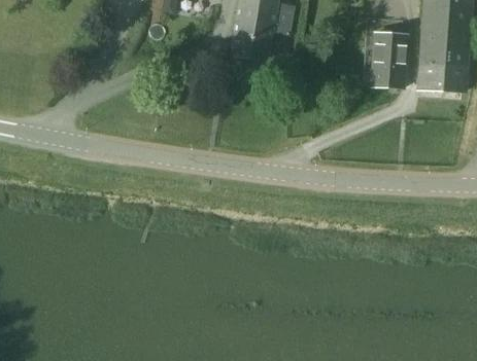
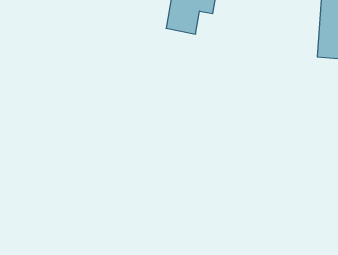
building: [363,32,406,87] -> none

